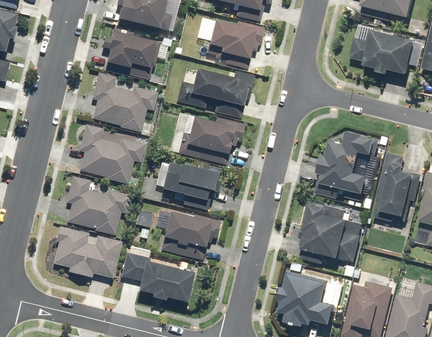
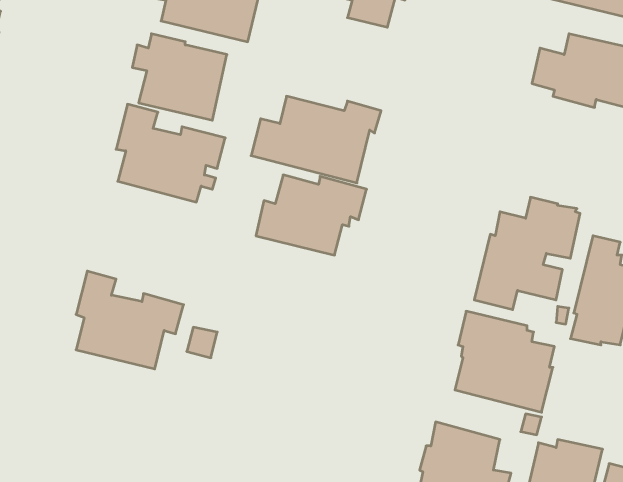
building: [207,17,264,71] -> none
building: [78,124,144,184] -> none
building: [154,157,220,211] -> none
building: [154,208,220,262] -> none
building: [52,224,122,278] -> none
building: [119,246,196,302] -> none

